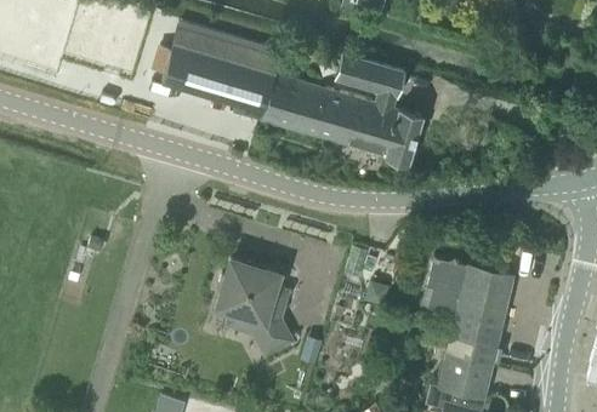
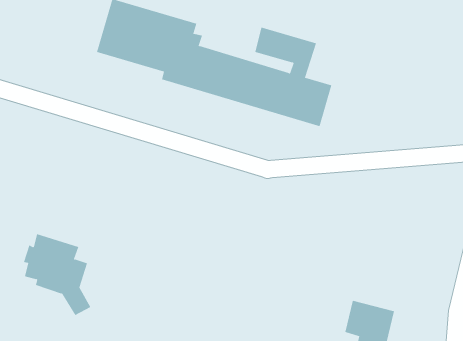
building: [422,259,514,366] -> none
building: [217,261,292,351] -> [23,234,91,316]

